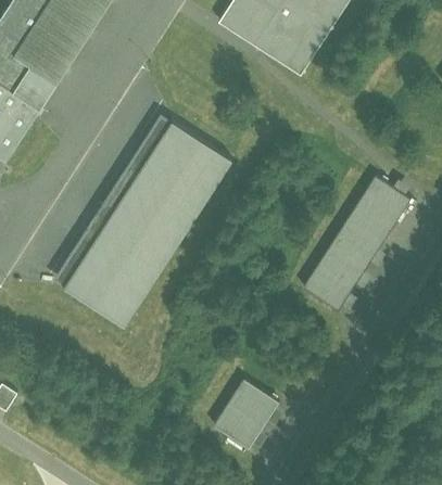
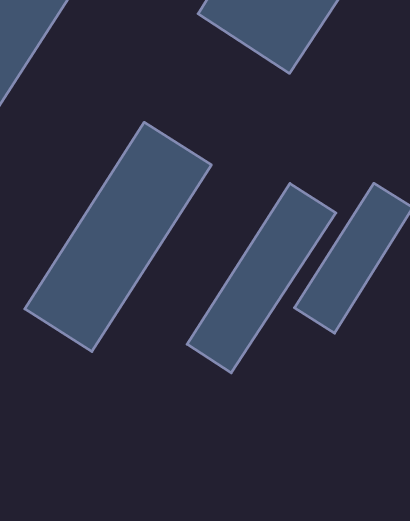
building: none -> [187,183,336,373]
building: [216,379,279,446] -> none

